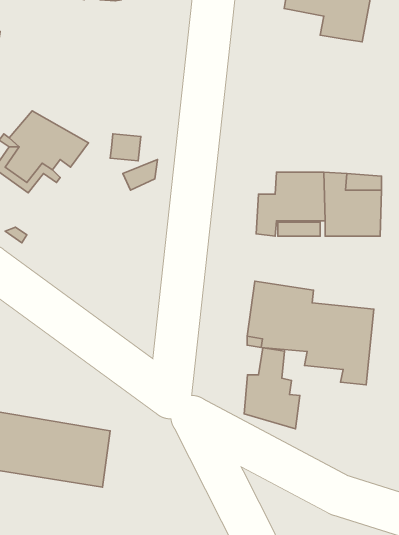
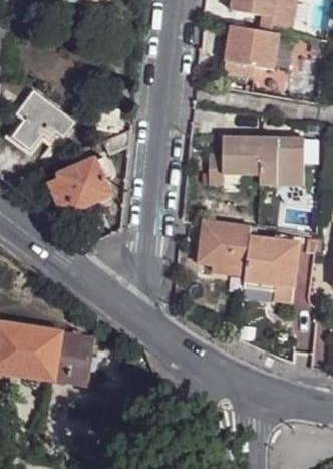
building: none -> [221,23,276,73]
building: none -> [44,151,109,206]
building: [244,348,300,429] -> none

